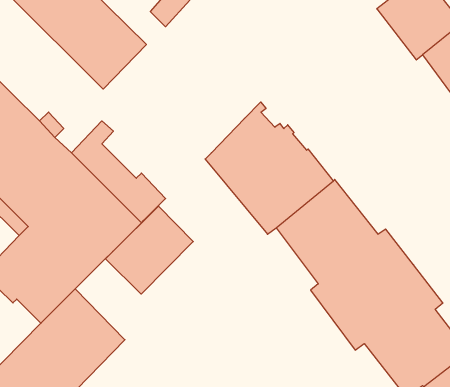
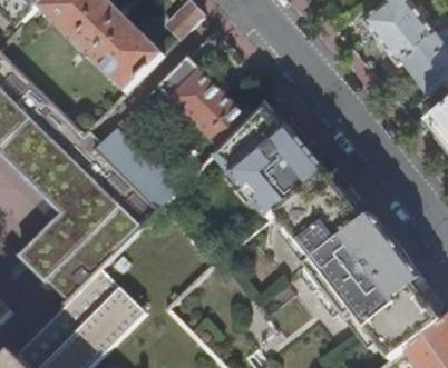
building: none -> [159,58,250,150]
building: [105,206,193,294] -> none

